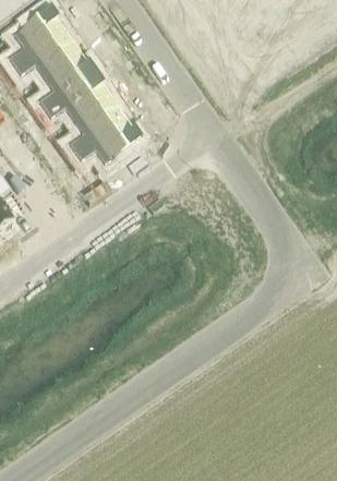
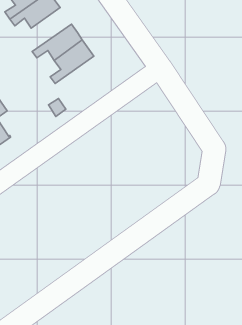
building: [38,49,96,107] -> none
building: [74,113,142,163] -> none

